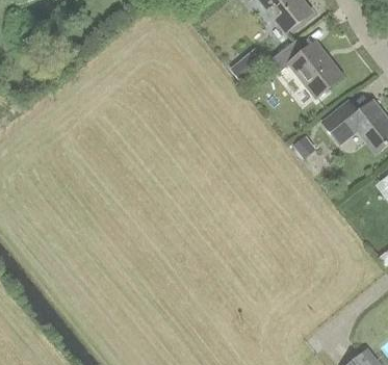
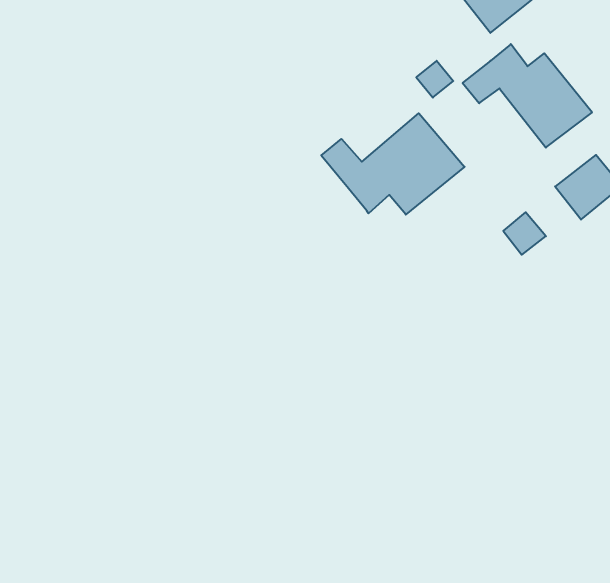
building: none -> [321,113,465,215]

